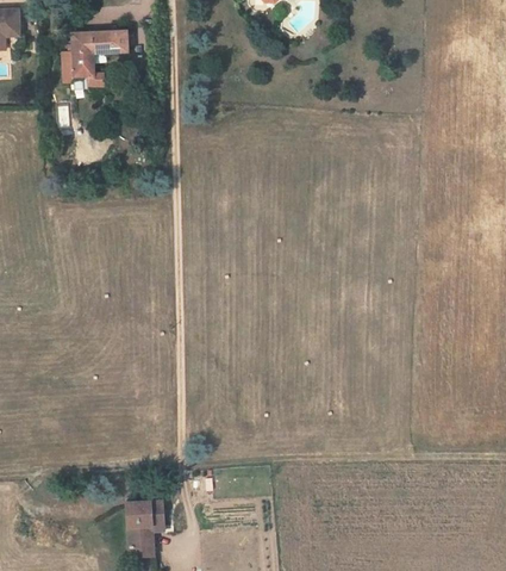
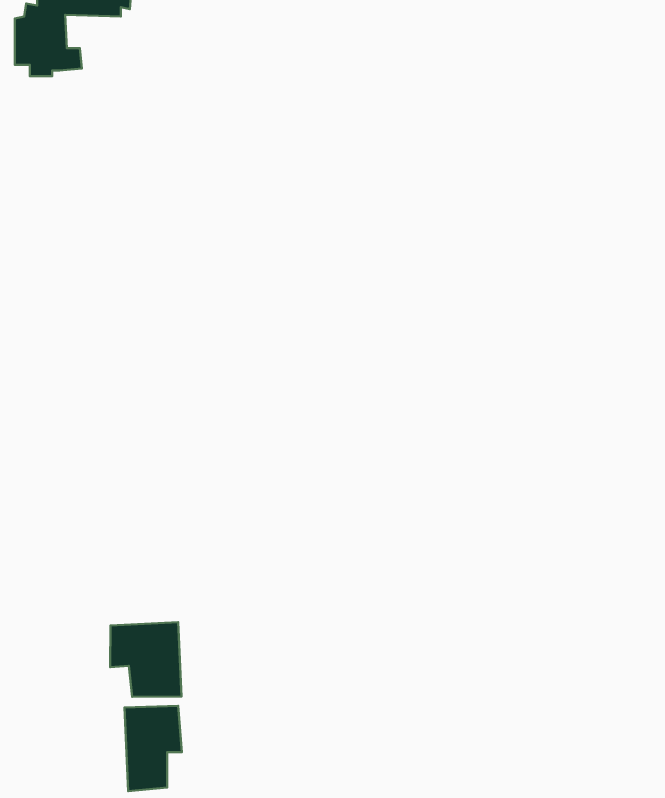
building: none -> [110,622,182,697]

